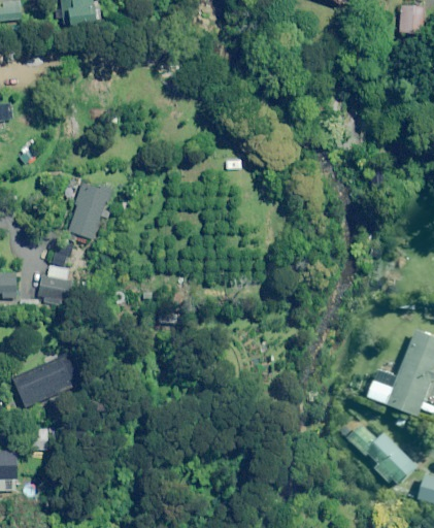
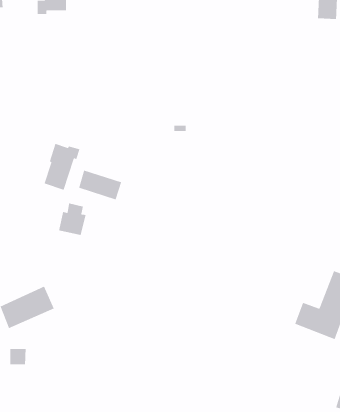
building: none -> [78,169,122,201]
building: [37,264,71,304] -> [58,203,86,236]
building: [352,427,419,489] -> none

